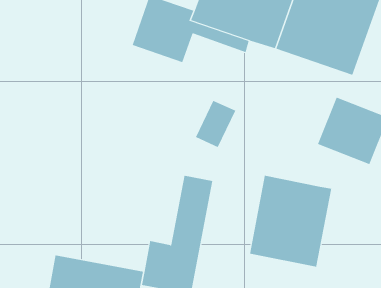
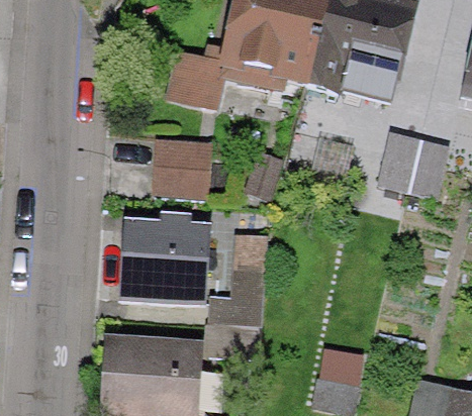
building: none -> [149,133,210,196]
building: none -> [117,219,211,307]
building: [250,175,332,267] -> none

